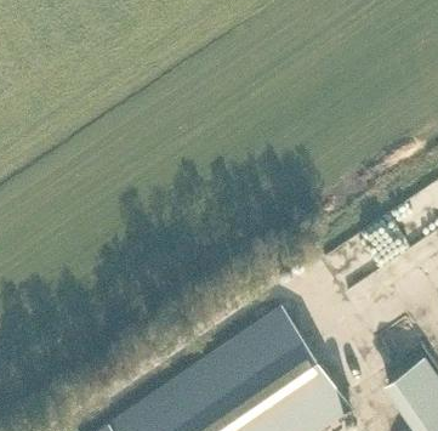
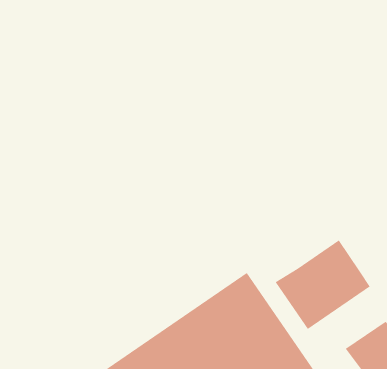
building: none -> [275,239,370,330]

